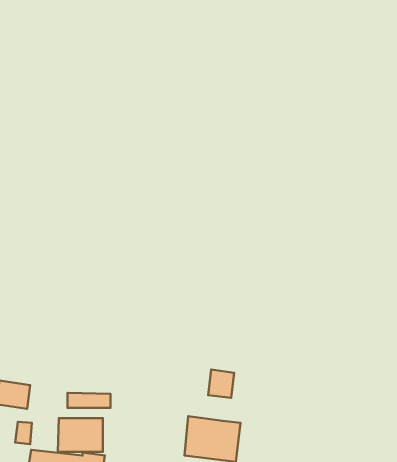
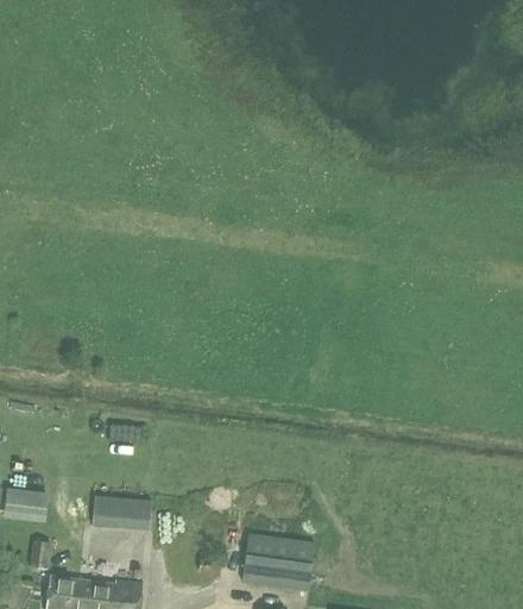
building: [208,369,234,398] -> none
building: [58,418,103,452] -> none

